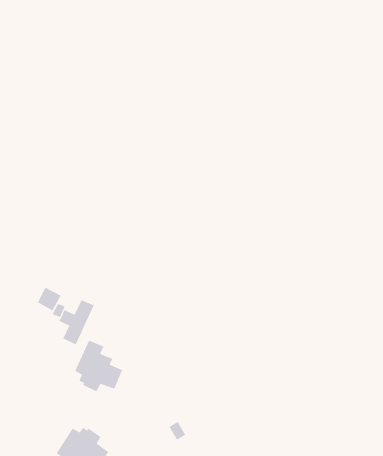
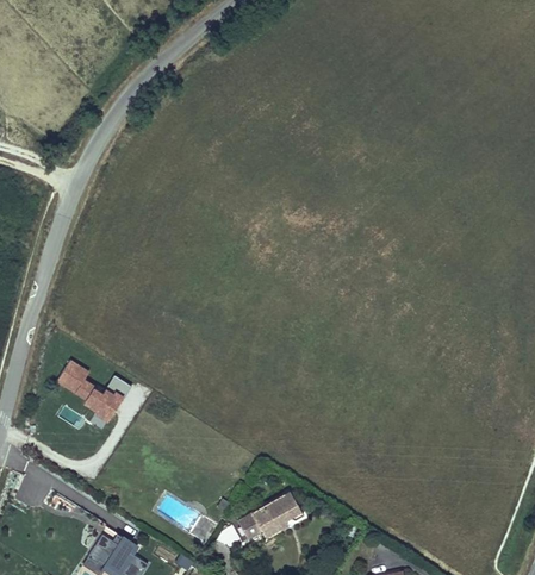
building: [74,340,123,392] -> none
building: none -> [237,490,304,538]

